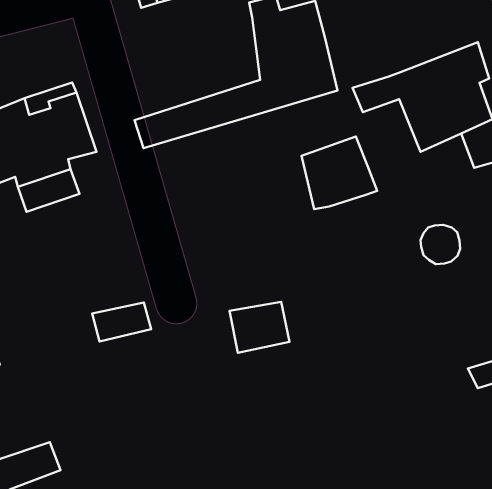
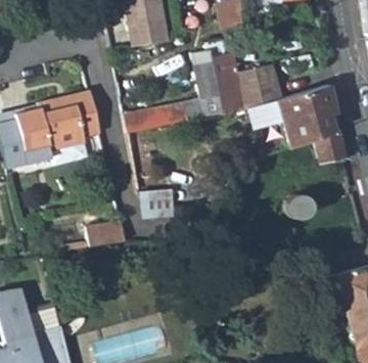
building: [302,136,377,209] -> [241,65,285,107]
building: [229,302,289,353] -> [139,194,174,223]

